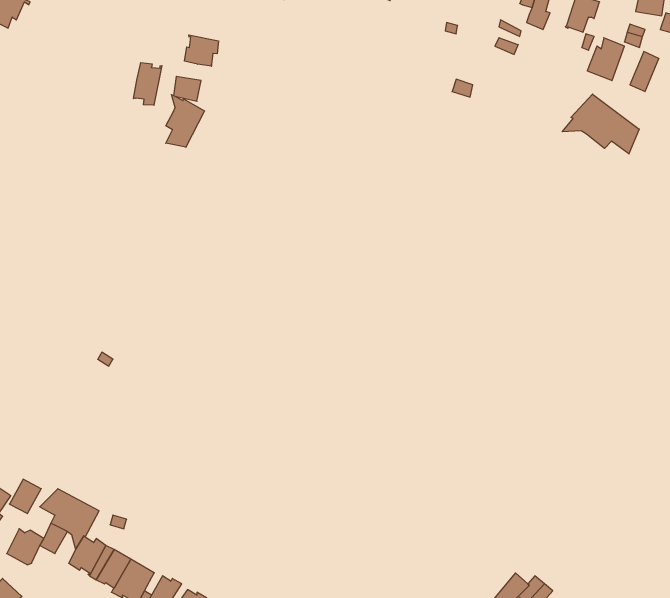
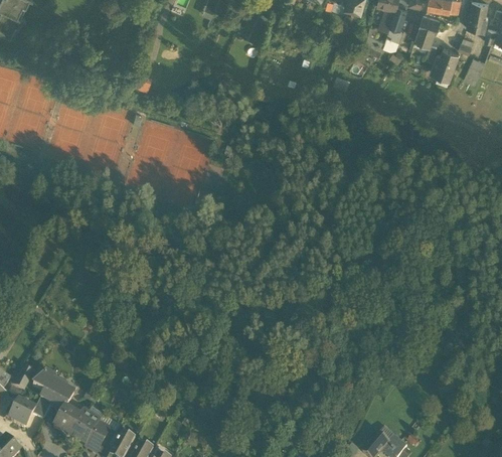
building: [185,35,218,66] -> none
building: [134,63,162,105] -> none
building: [562,94,639,154] -> none
building: [166,95,205,147] -> none

